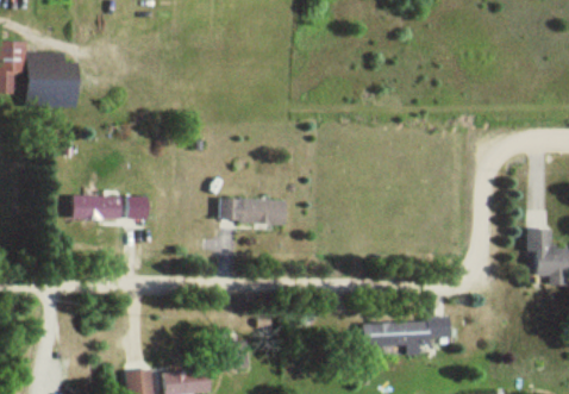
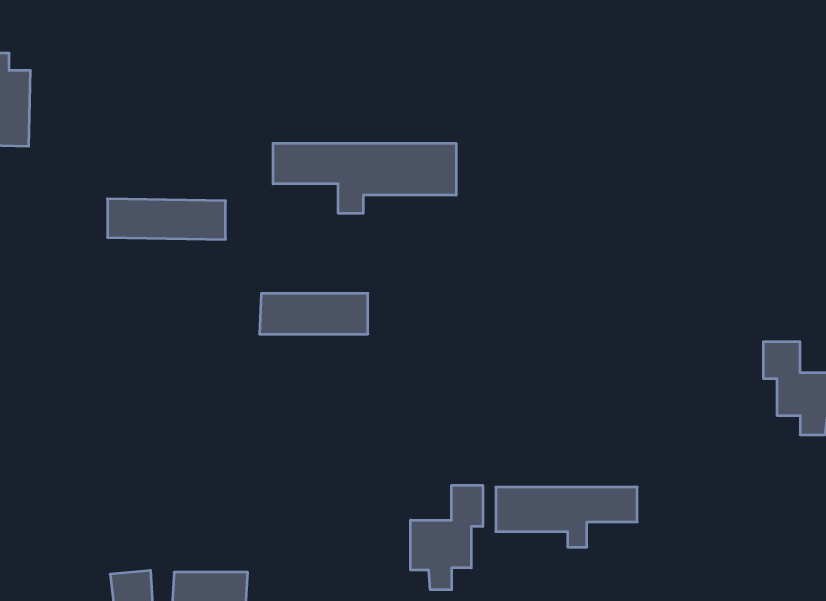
building: none -> [273,143,456,213]
building: [74,196,146,221] -> [107,199,226,239]
building: none -> [411,485,483,590]

